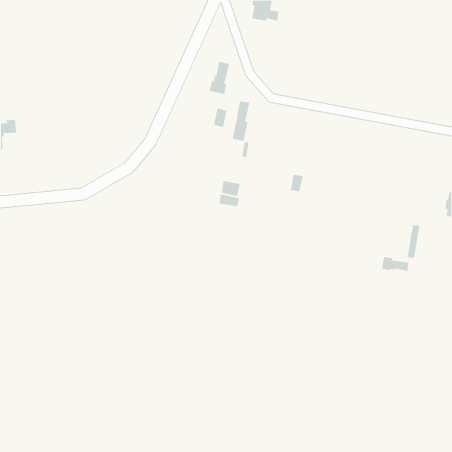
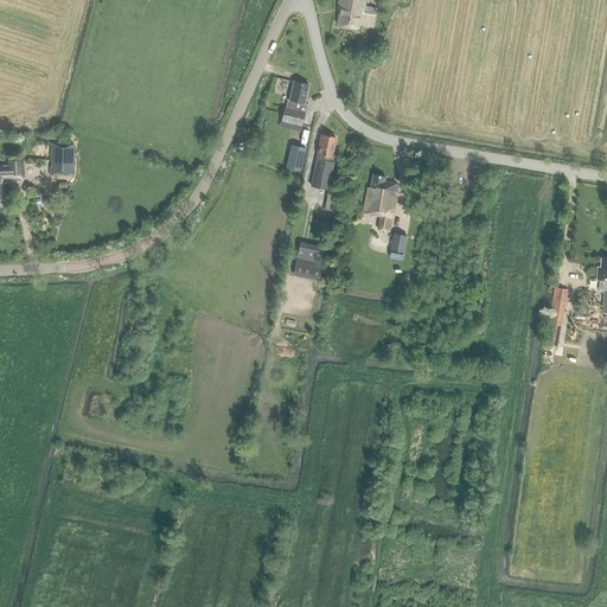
building: none -> [49,143,74,177]
building: none -> [363,175,397,231]
building: [381,256,409,272] -> none

